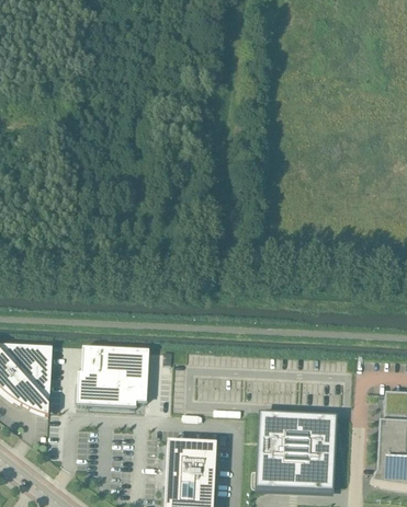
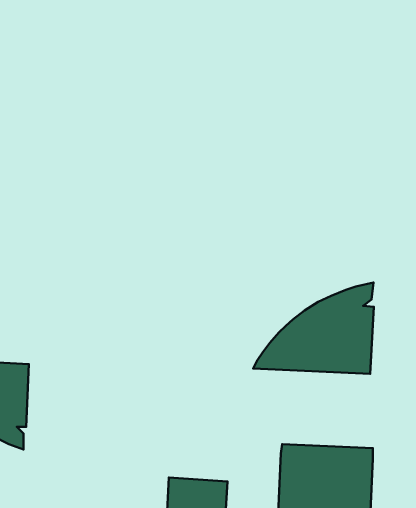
building: none -> [253,283,374,374]
building: [77,346,149,405] -> none

